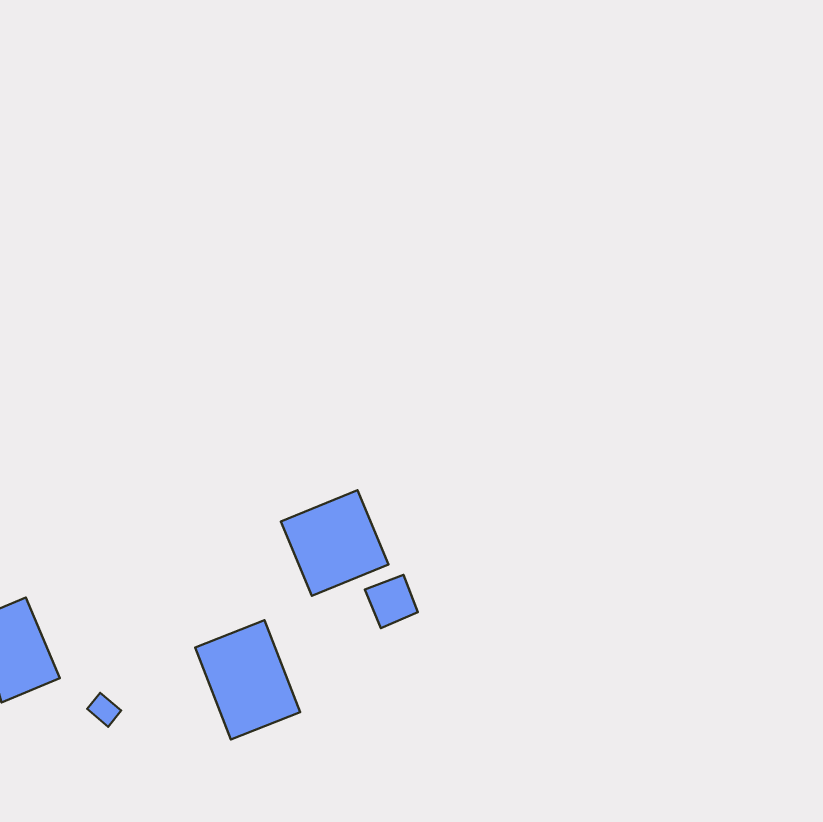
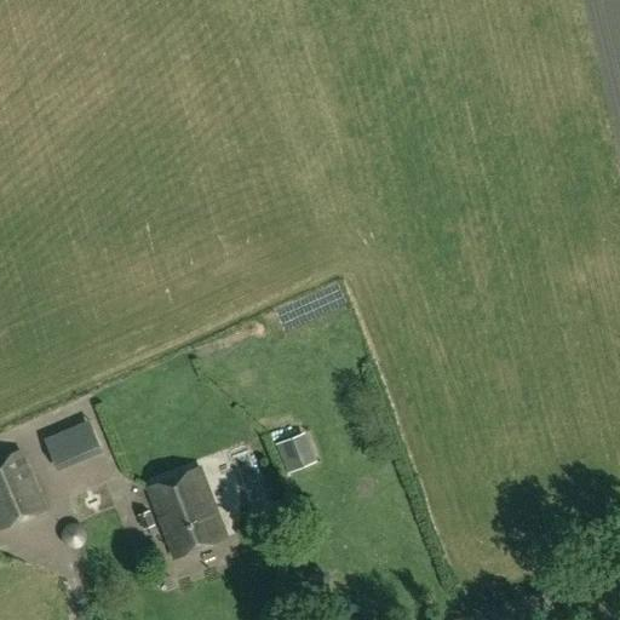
building: [281,490,388,596] -> none
building: none -> [45,419,103,470]

